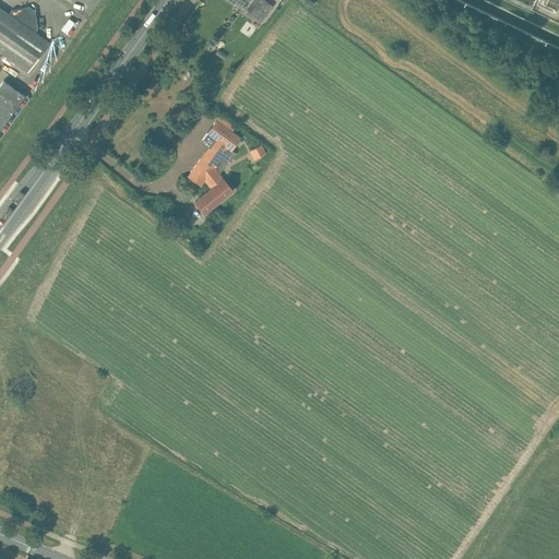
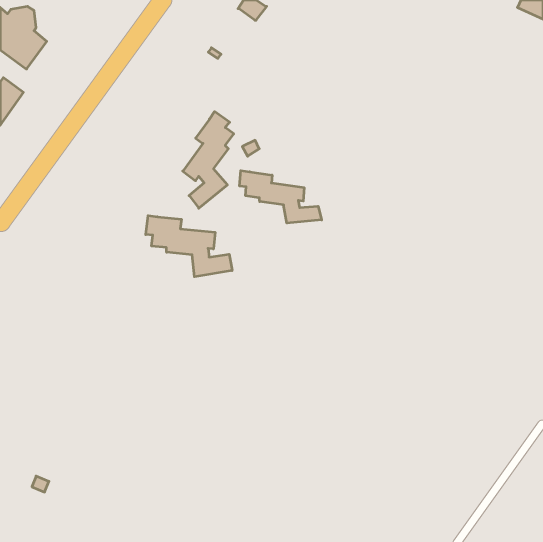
building: none -> [240,171,322,223]
building: none -> [146,216,232,277]

